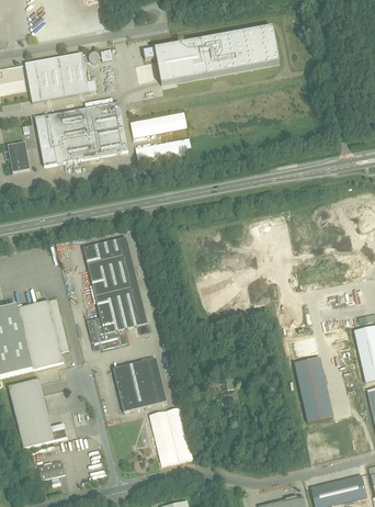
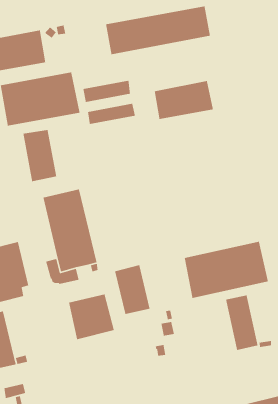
building: none -> [154,80,214,120]
building: none -> [22,129,57,182]
building: none -> [184,241,269,299]
building: [149,406,191,464] -> [114,264,150,315]

